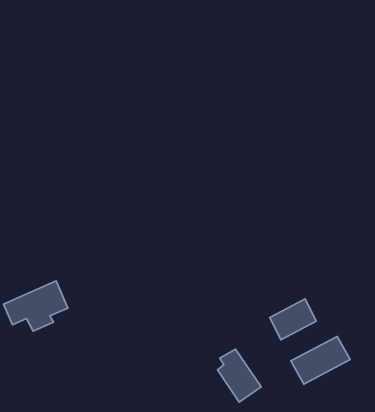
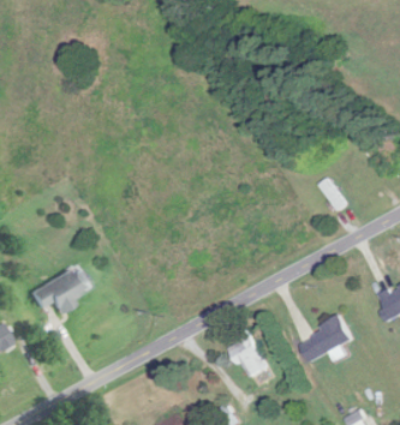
building: [270,299,316,340] -> none

